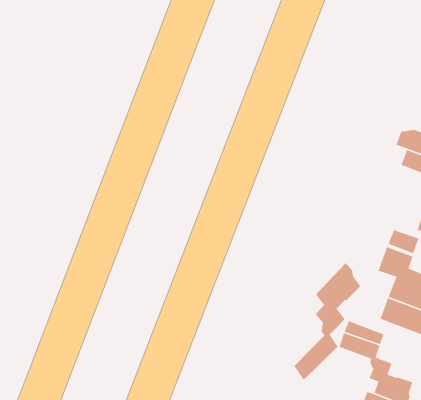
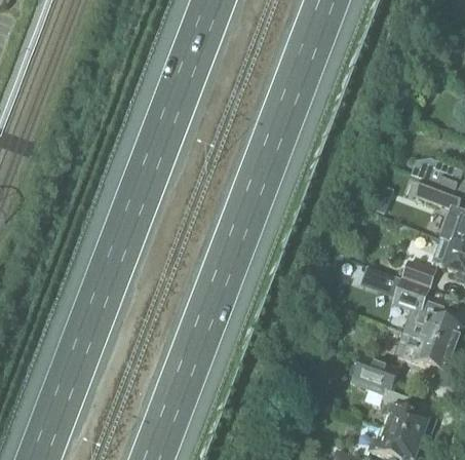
building: [293,262,361,381] -> none

